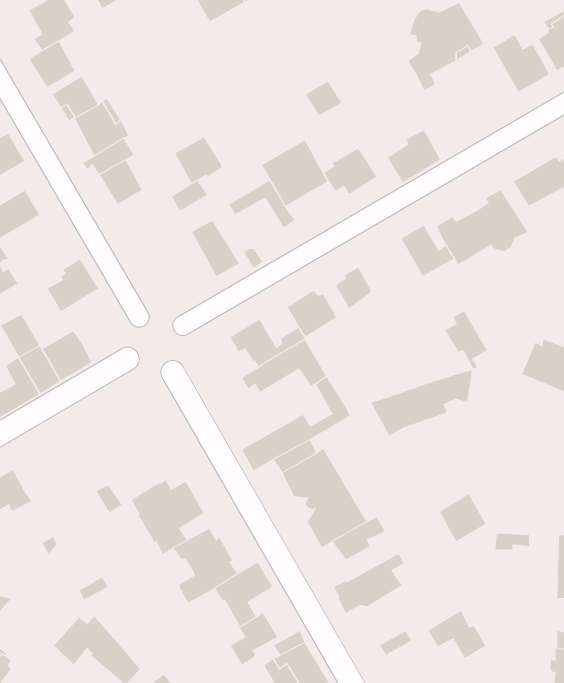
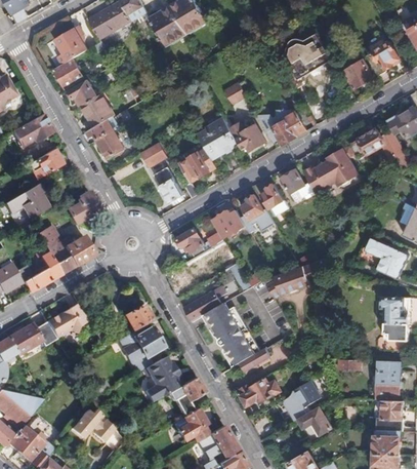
building: [174,137,223,183] -> [180,154,210,183]
building: [444,310,488,369] -> [261,184,288,220]
building: none -> [46,303,88,338]
building: none -> [124,304,152,329]
building: [439,494,486,542] -> [293,380,322,409]

